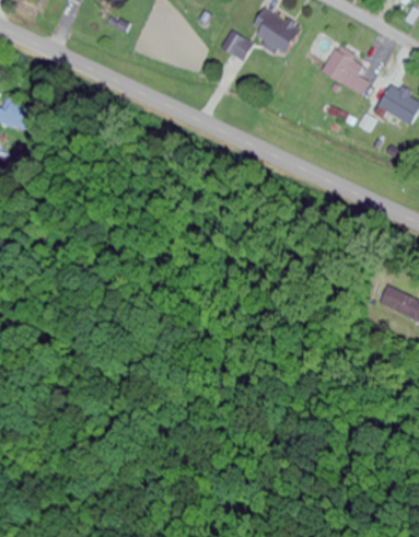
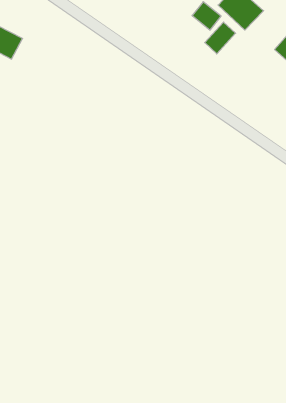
building: none -> [205,22,236,54]

